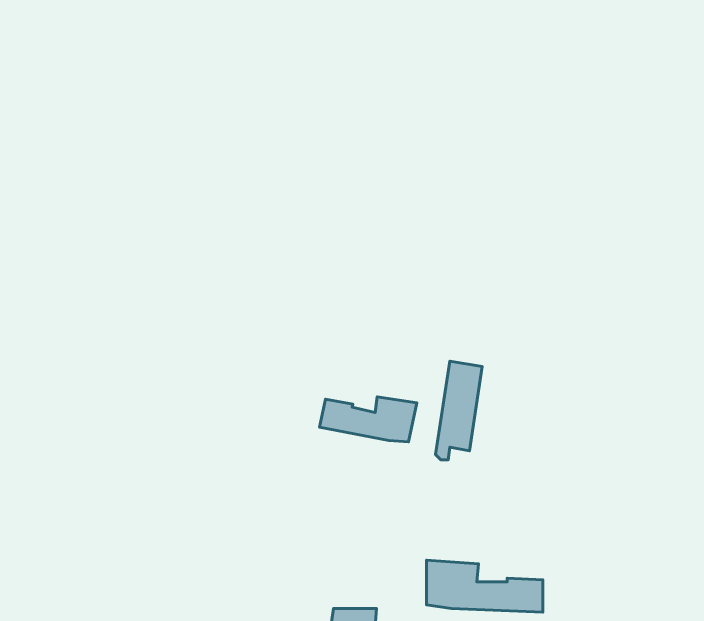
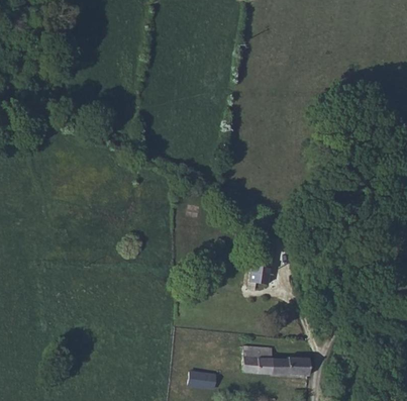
building: [319,397,417,442] -> none

